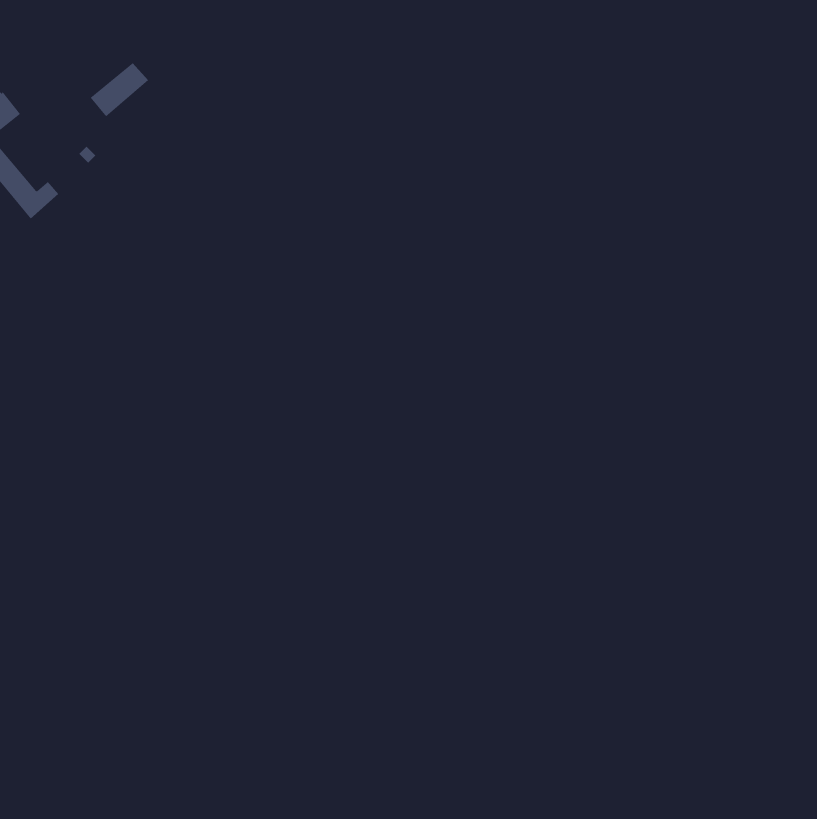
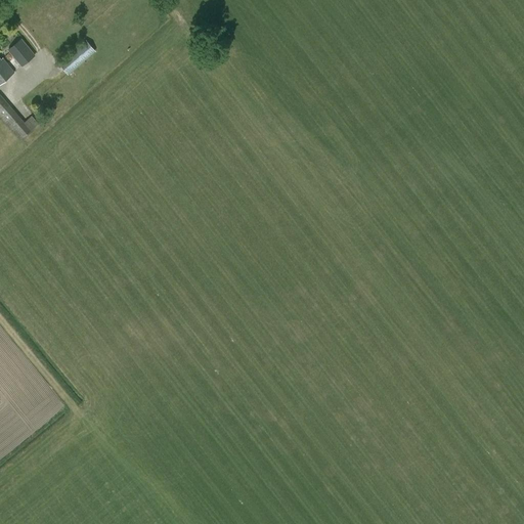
building: none -> [7,38,34,67]

